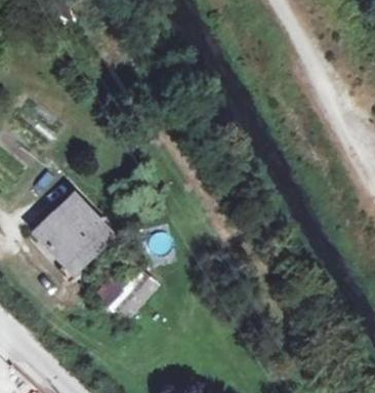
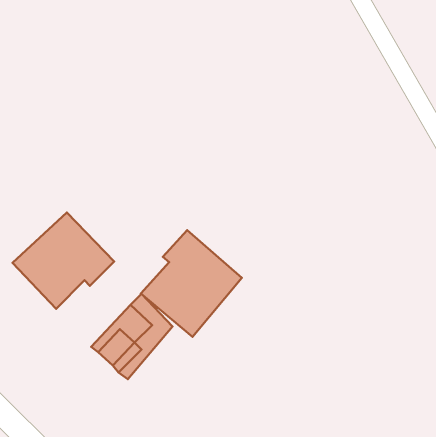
building: none -> [141,230,242,337]

